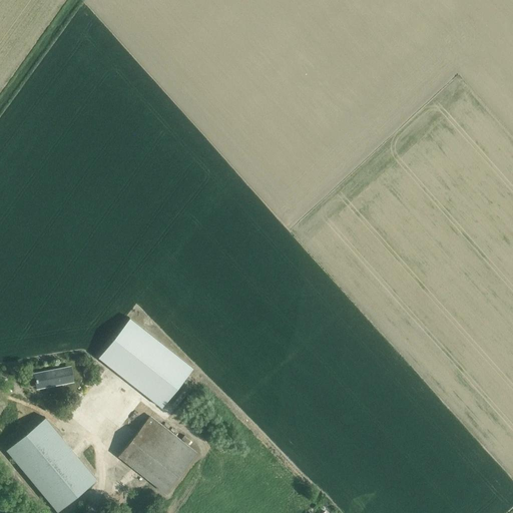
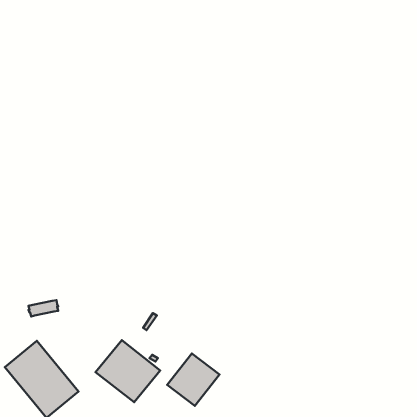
building: [98,319,193,409] -> none
building: none -> [167,354,219,406]

